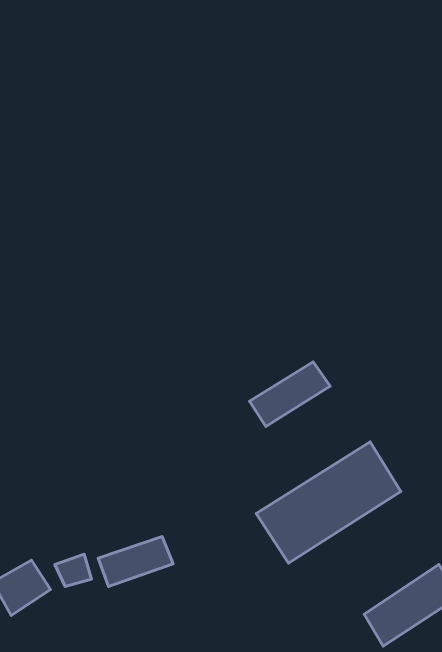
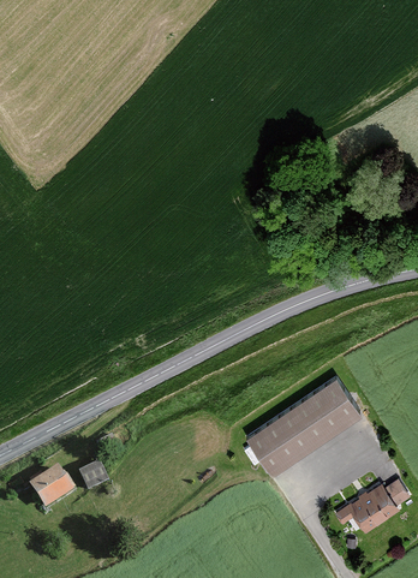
building: [250,362,330,426] -> none
building: [98,536,173,586] -> none

